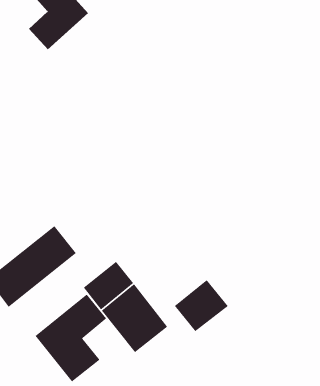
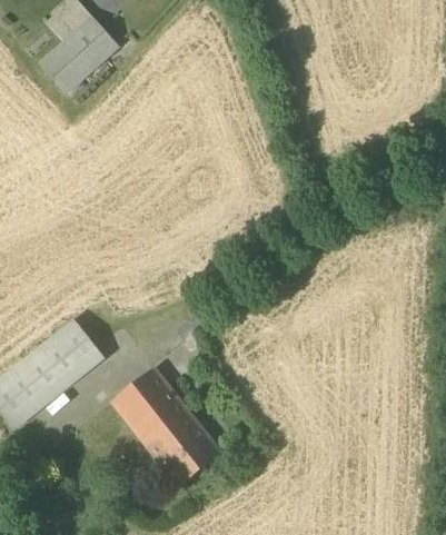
building: [174,279,229,332] -> none
building: [34,294,107,382] -> none

